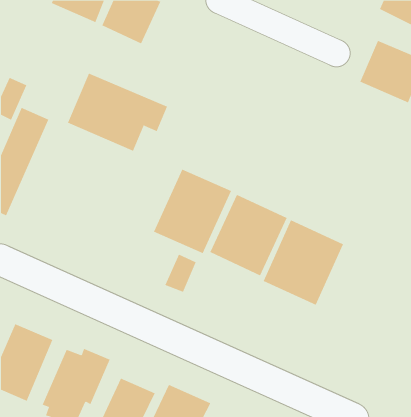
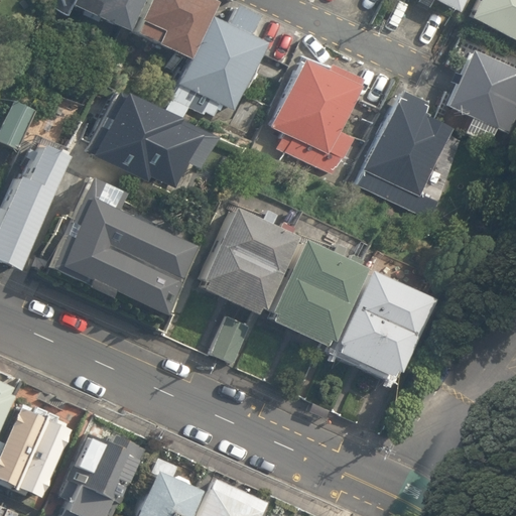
building: none -> [179,19,266,112]
building: none -> [266,54,361,169]
building: none -> [359,93,457,217]
building: none -> [55,198,198,319]

